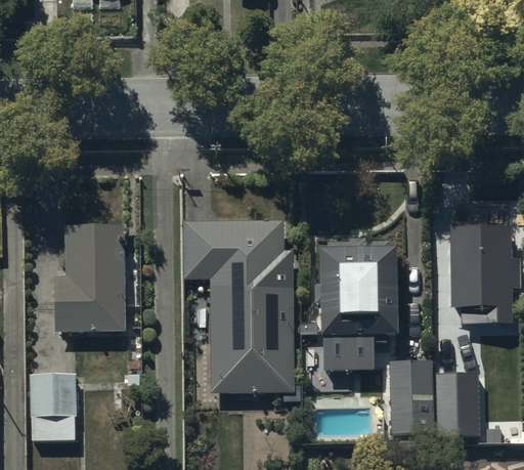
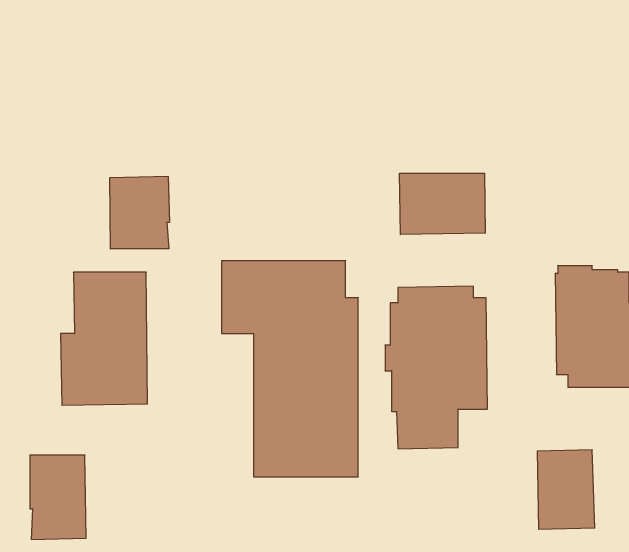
building: none -> [400,173,485,235]
building: none -> [110,176,169,249]
building: [386,361,432,434] -> none

